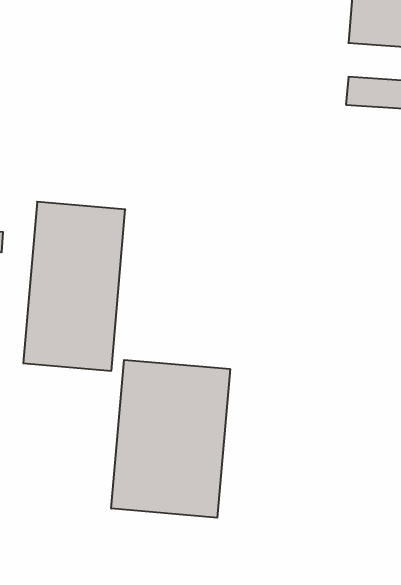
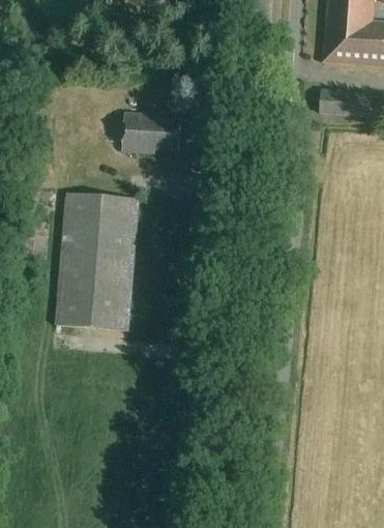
building: none -> [121,112,180,152]
building: [111,360,230,518] -> none

